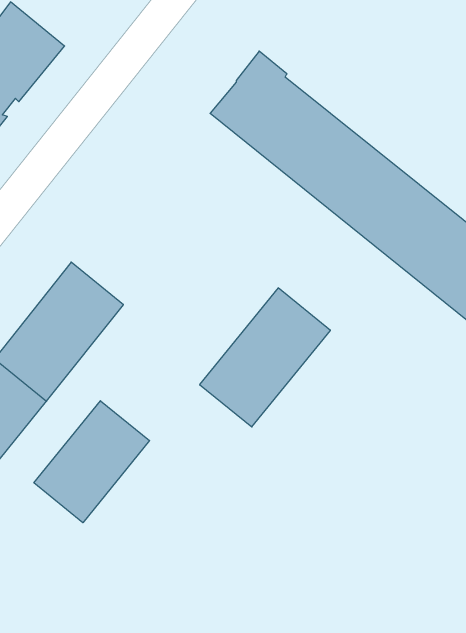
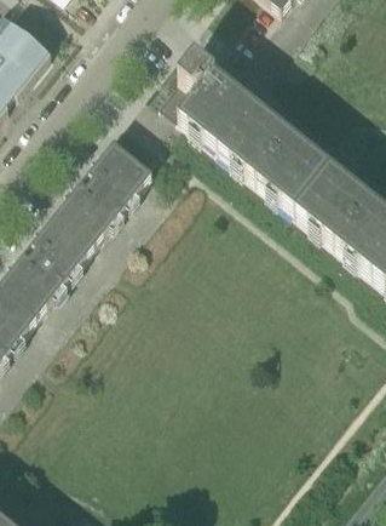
building: [200,288,330,427] -> [59,137,156,240]
building: [34,401,150,523] -> none

